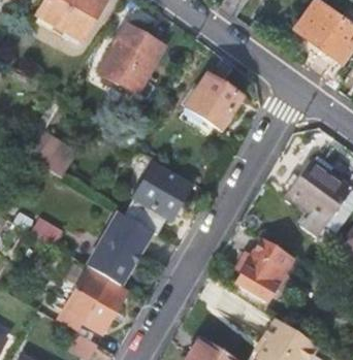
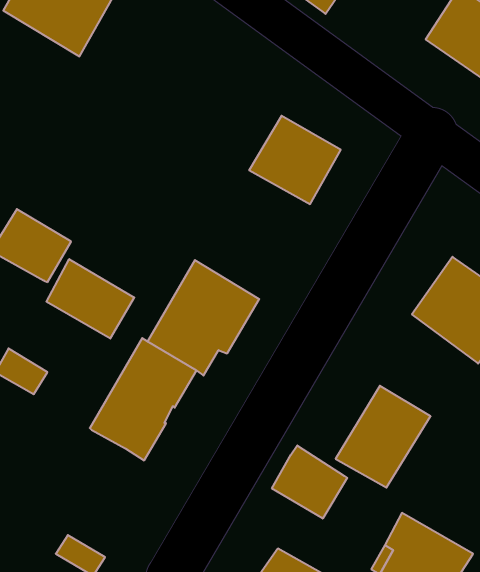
building: [99,28,163,96] -> none
building: none -> [46,259,134,339]
building: [65,266,127,332] -> none
building: none -> [272,445,347,519]

